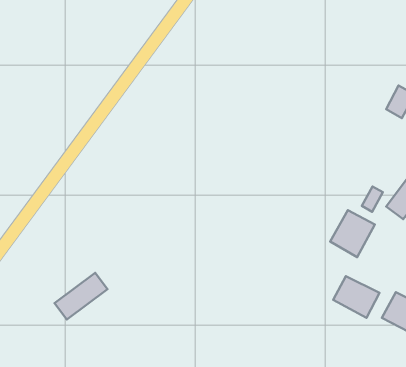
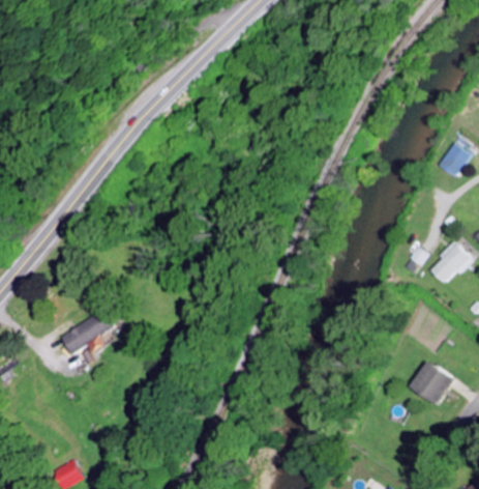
building: [330,210,375,257] -> none
building: [333,276,379,318] -> none

